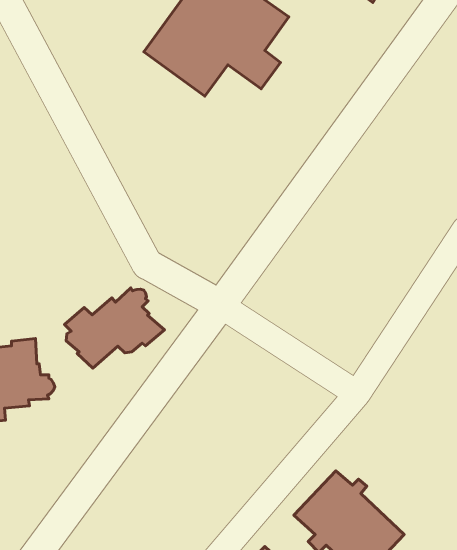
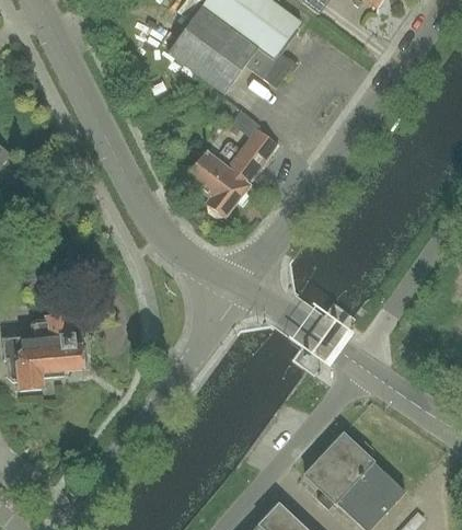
building: none -> [185,110,278,217]
building: [64,288,165,368] -> none

